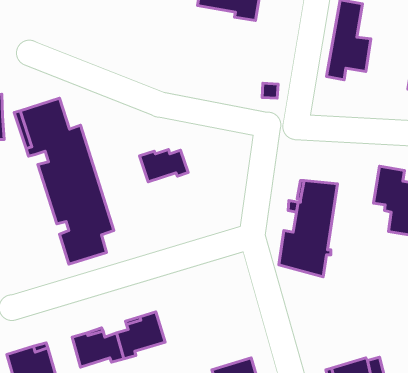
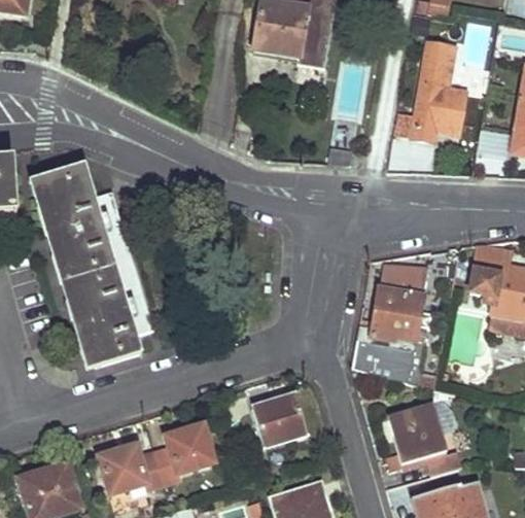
building: [140,149,188,182] -> none
building: none -> [45,228,95,369]
building: none -> [252,393,307,446]
building: none -> [389,405,448,462]

